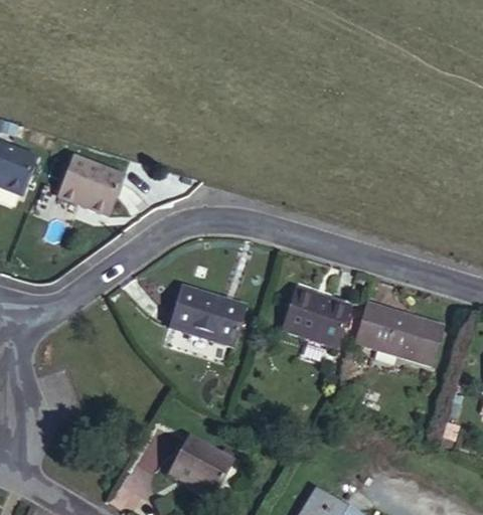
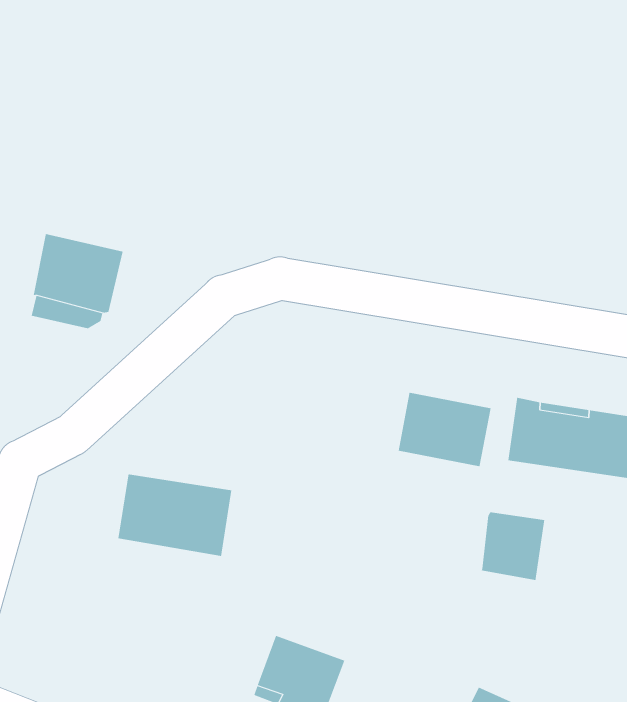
building: [169,285,248,346] -> [117,474,232,556]
building: none -> [480,511,545,581]

